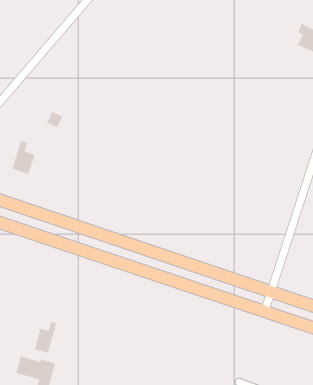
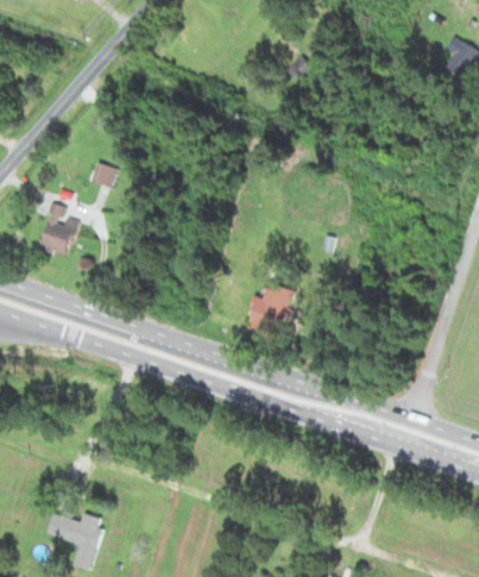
building: none -> [245,282,295,341]
building: [34,321,57,353] -> none

